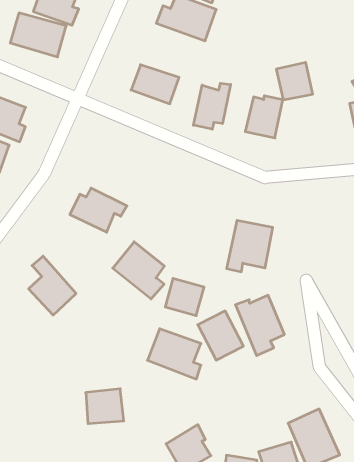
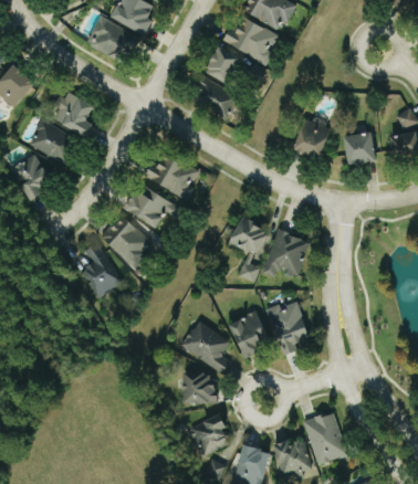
building: none -> [205,46,240,82]
building: [276,62,313,100] -> [344,131,375,164]
building: [193,83,231,129] -> none
building: none -> [145,152,199,198]
building: [113,242,164,299] -> [101,214,148,269]
building: [165,278,204,316] -> [230,218,268,254]
building: [86,389,124,424] -> [182,373,216,403]

